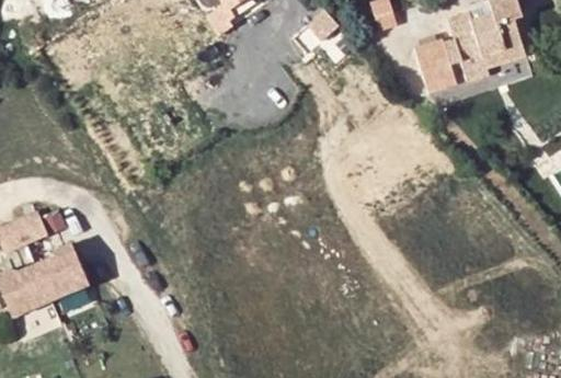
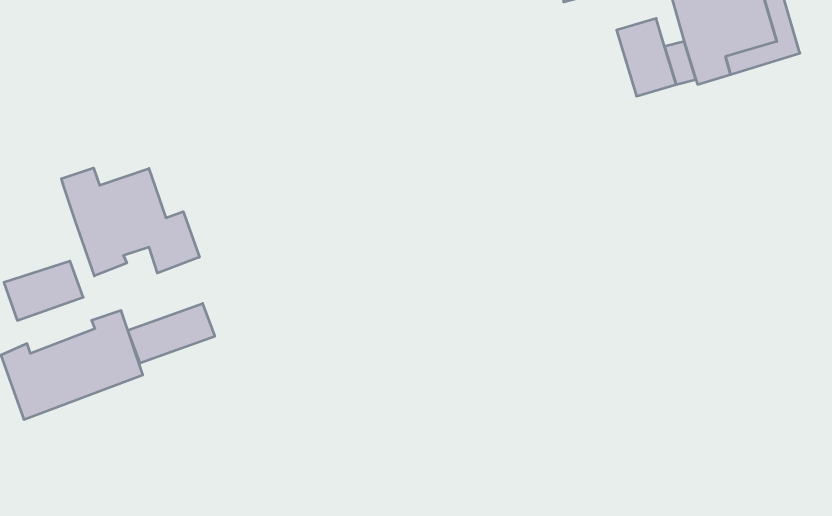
building: none -> [61,168,199,276]
building: none -> [128,303,215,363]

